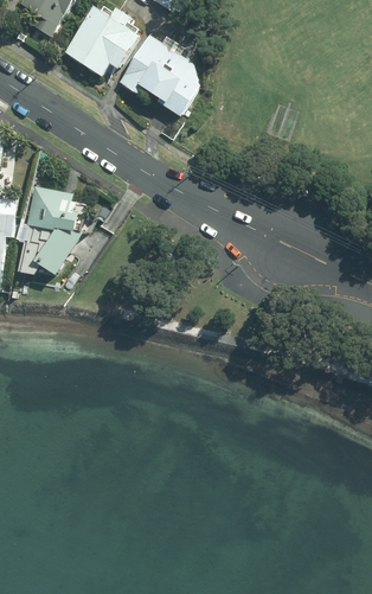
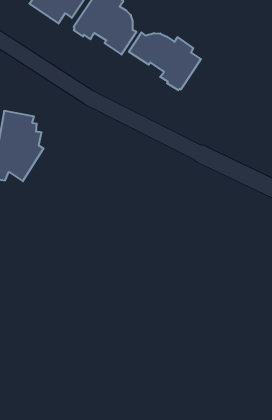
building: none -> [129,32,201,90]

